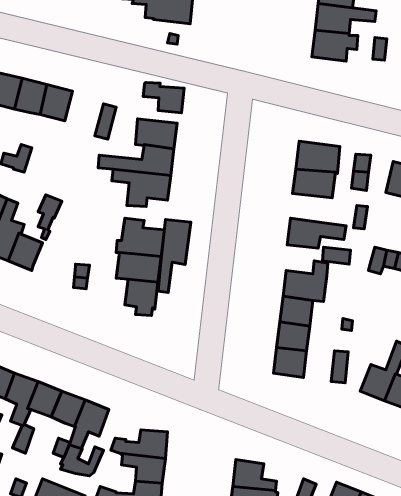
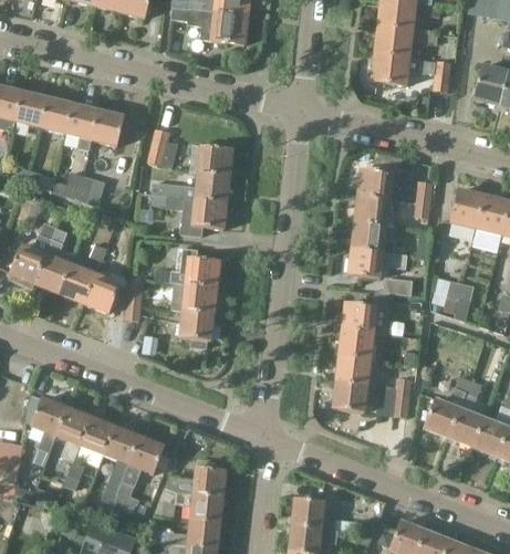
building: [143,83,184,113] -> none
building: none -> [75,175,107,207]
building: none -> [351,222,397,252]
building: [158,219,191,293] -> none
building: none -> [83,273,119,312]

